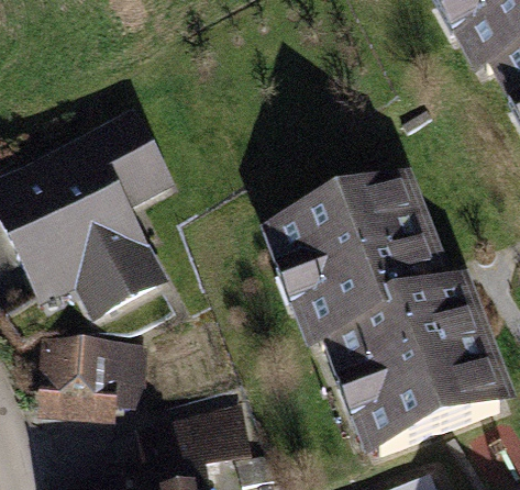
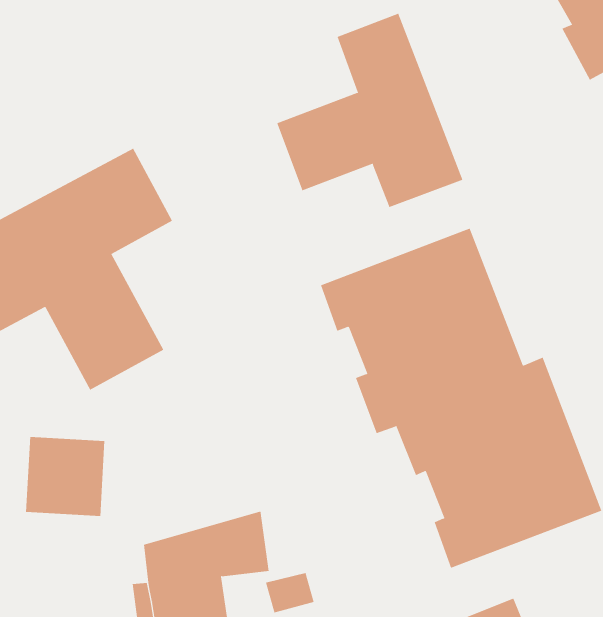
building: none -> [277,13,463,208]

